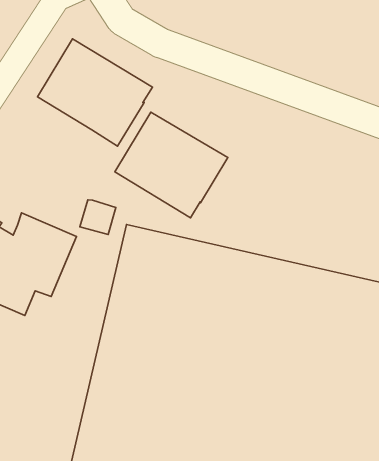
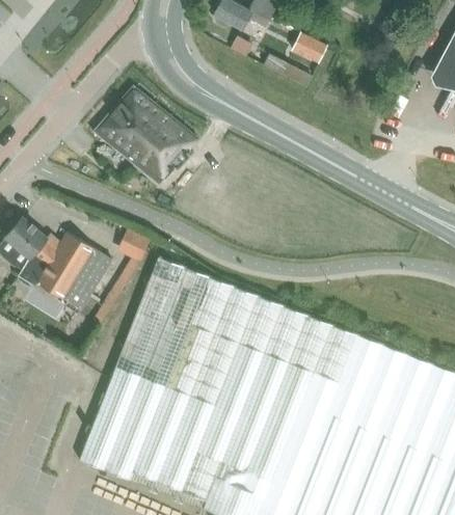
building: [115,112,228,218] -> none

